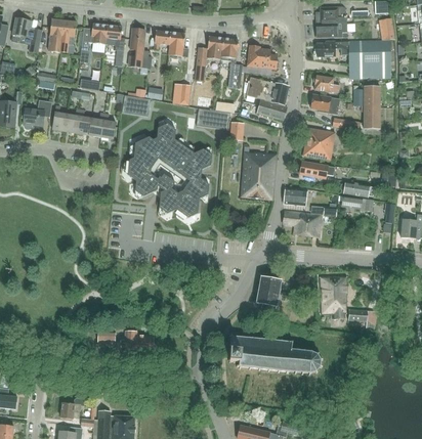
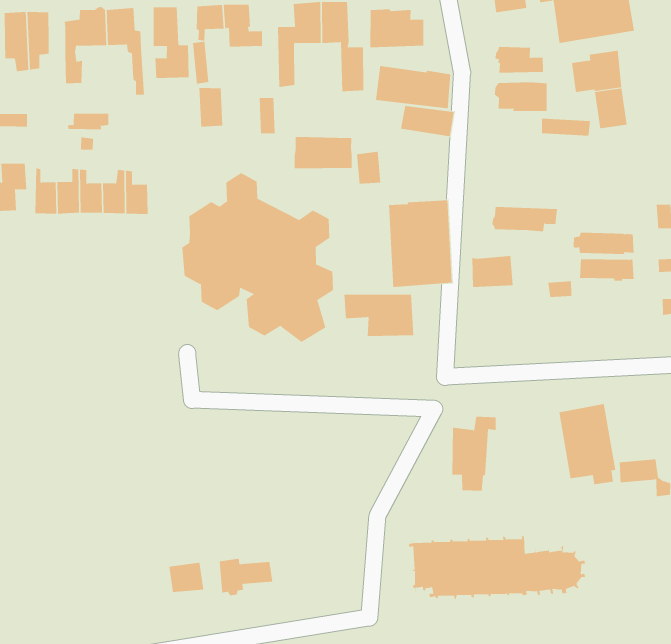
building: [122,94,151,116] -> none
building: [302,127,335,159] -> none
building: [283,210,321,237] -> [344,294,414,337]

